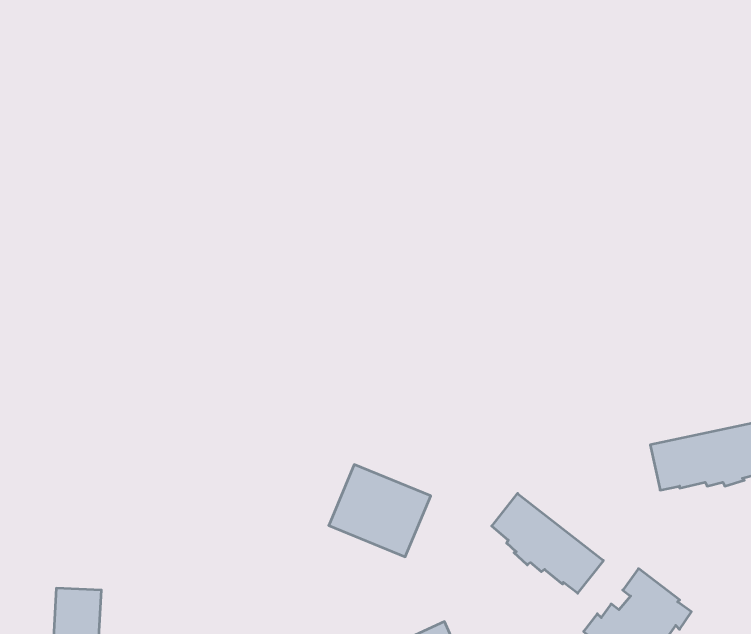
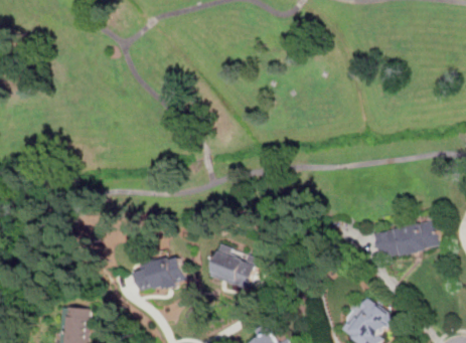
building: none -> [132,255,185,293]
building: [492,493,603,593] -> none

